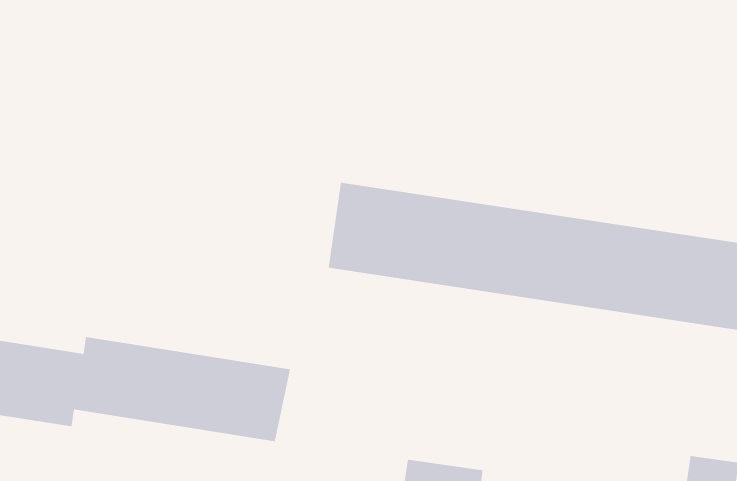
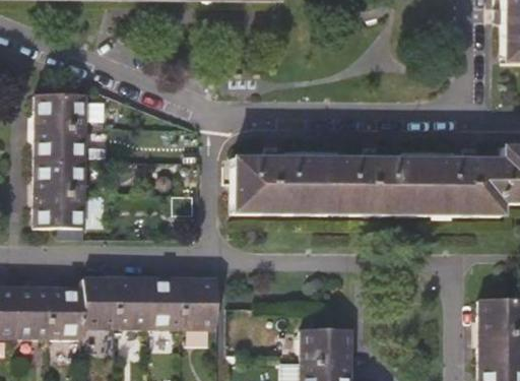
building: none -> [36,93,86,228]

